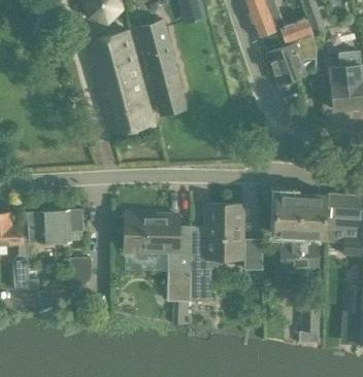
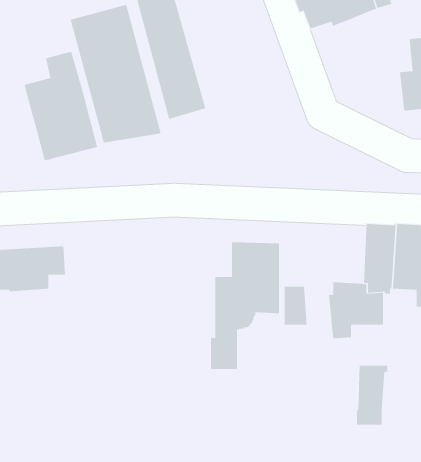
building: [267,34,318,83] -> none
building: none -> [24,51,98,161]
building: [273,191,306,237] -> none
building: [127,214,194,324] -> none

